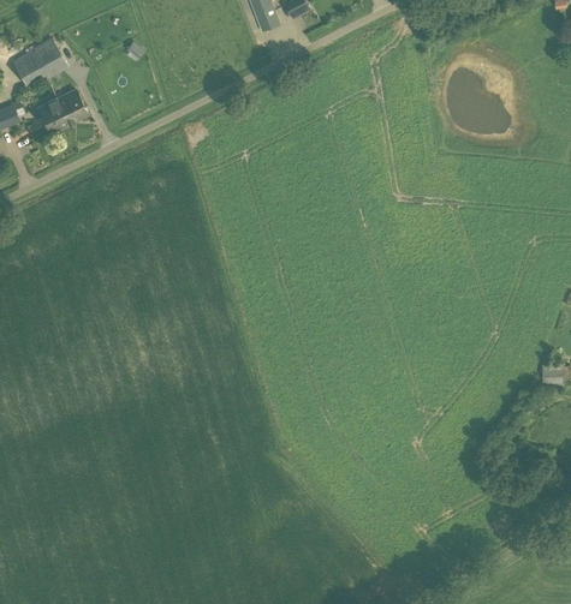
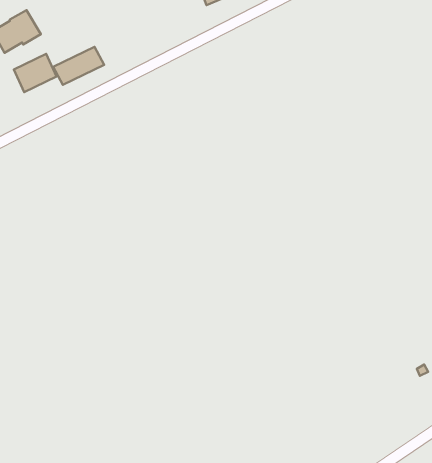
building: none -> [53,47,104,85]

